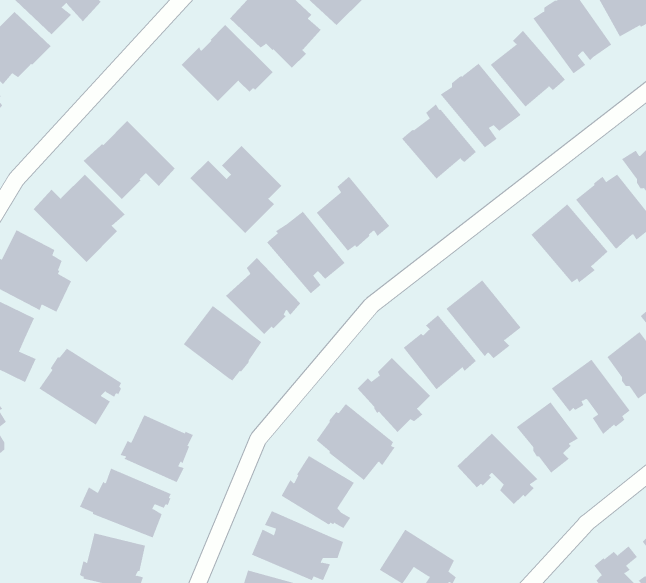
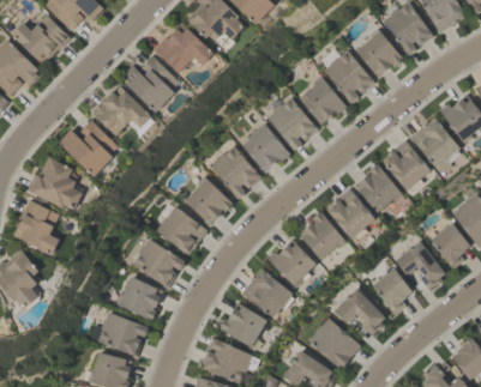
building: none -> [266,96,318,151]
building: [190,145,282,234] -> [120,55,180,113]
building: none -> [355,164,403,212]
building: [39,348,122,425] -> [131,237,185,288]
building: none -> [307,316,360,369]

